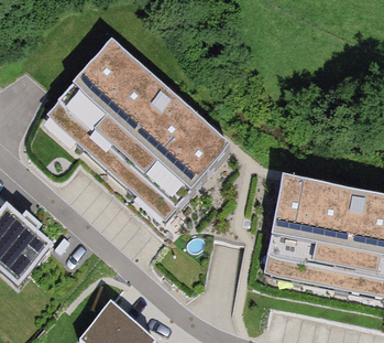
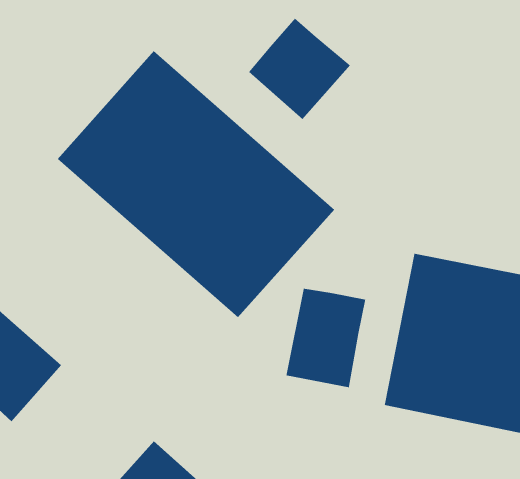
building: none -> [248,17,351,120]
building: none -> [286,288,366,388]

